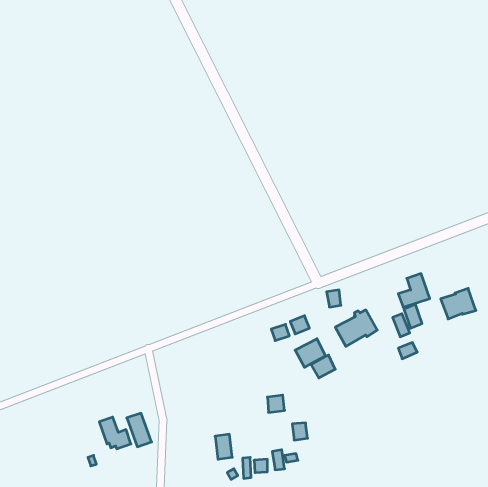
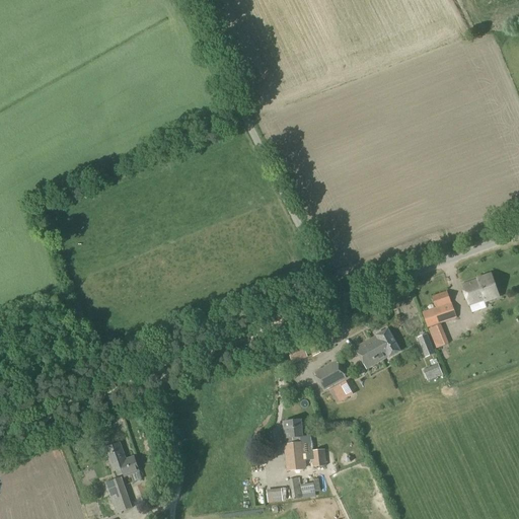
building: [441,288,476,319] -> [461,273,499,305]
building: [127,413,152,447] -> [105,476,132,512]
building: [215,434,232,459] -> [286,442,304,468]

